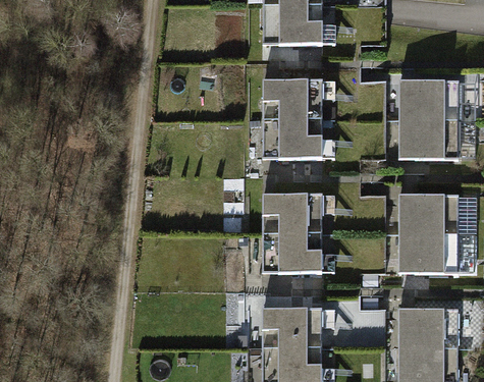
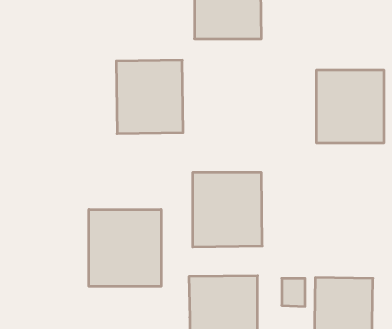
building: [259,79,332,160] -> [116,60,183,134]
building: [398,195,473,276] -> none
building: none -> [89,209,161,286]

